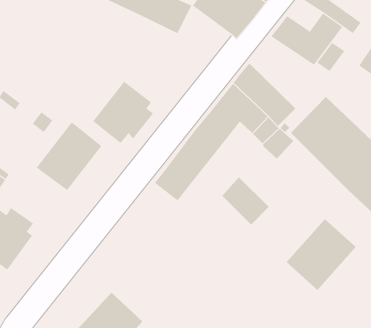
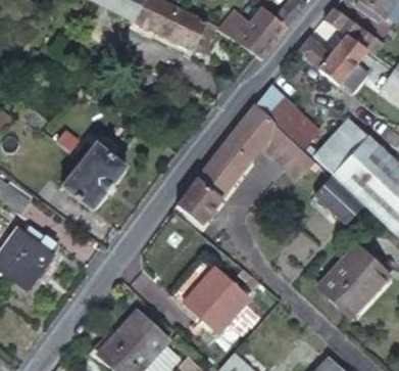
building: [93,81,154,144] -> none
building: [221,176,269,225] -> [316,177,364,226]
building: none -> [188,269,250,333]

